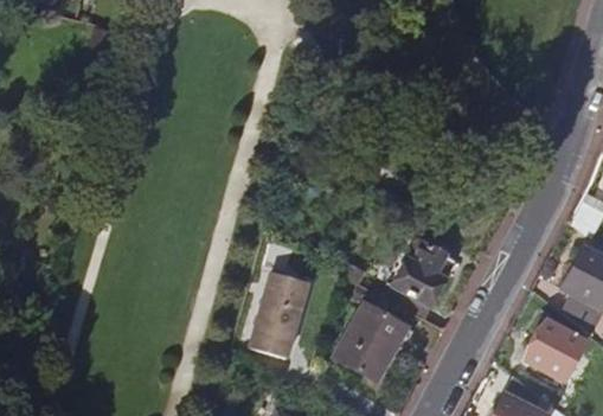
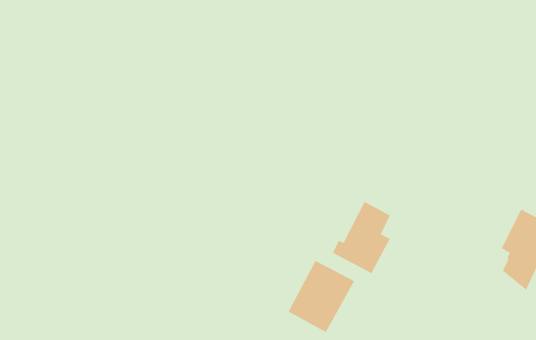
building: [249,269,297,353] -> none
building: [525,321,585,380] -> none

